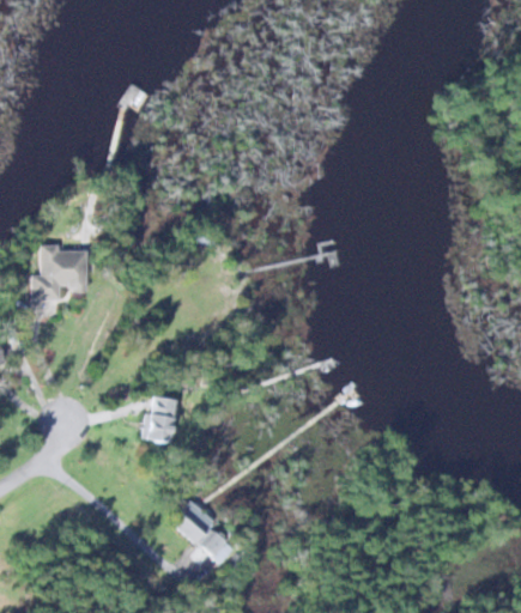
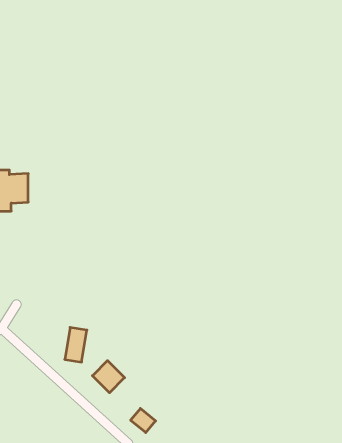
building: [147,396,177,443] -> [65,327,87,362]
building: [201,530,235,563] -> [131,408,156,433]

